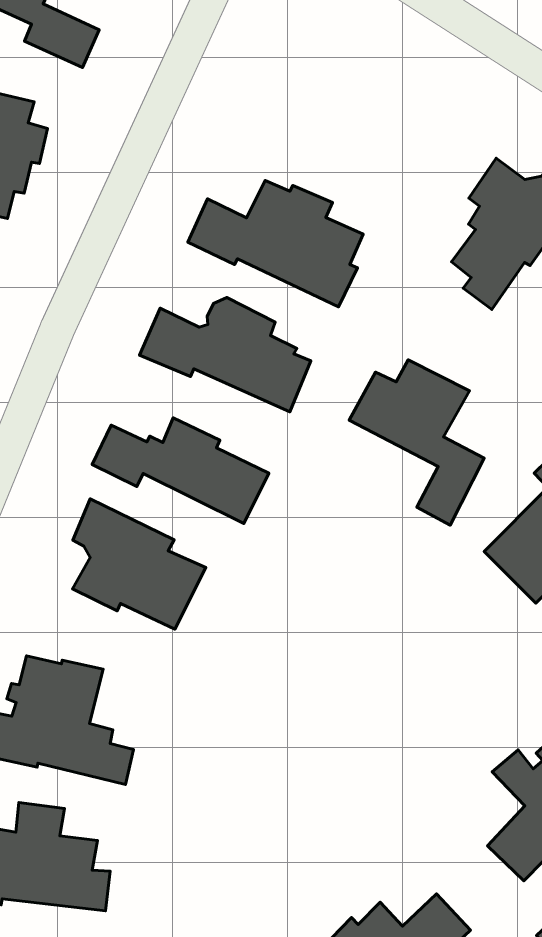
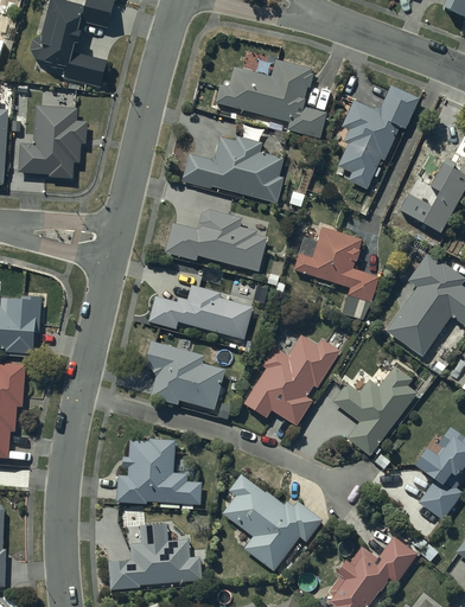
building: none -> [216,59,327,138]
building: none -> [244,334,340,426]
building: none -> [333,365,416,455]
building: none -> [223,473,323,571]

